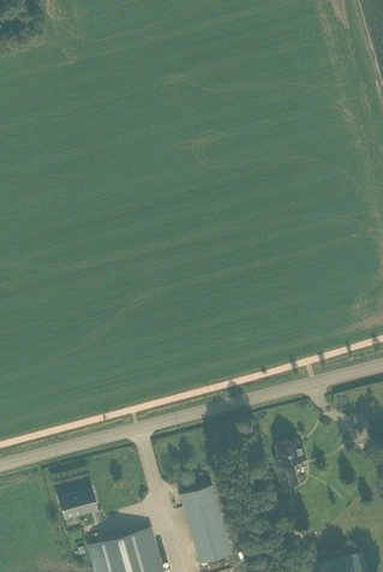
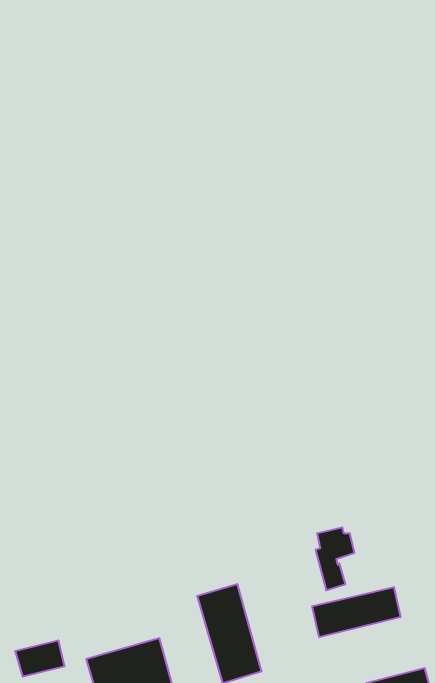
building: none -> [312,587,400,637]
building: [59,489,98,518] -> [15,641,65,677]

